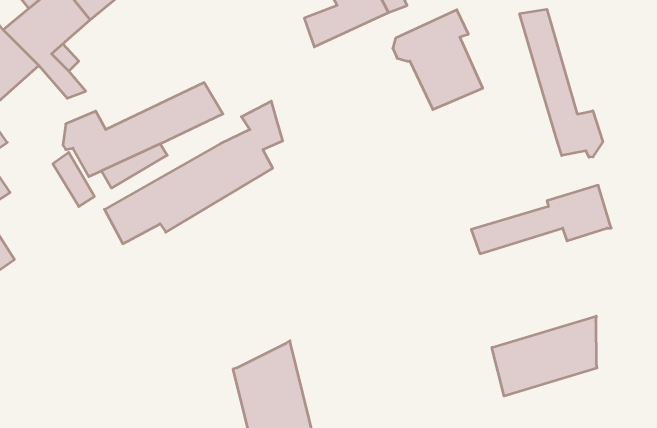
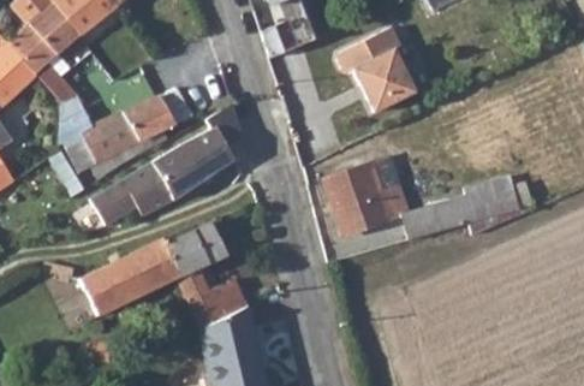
building: [520,9,603,157] -> none
building: none -> [324,162,394,234]
building: none -> [81,221,245,329]
building: [492,316,597,396] -> none

